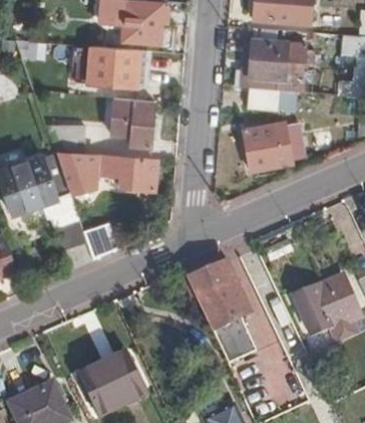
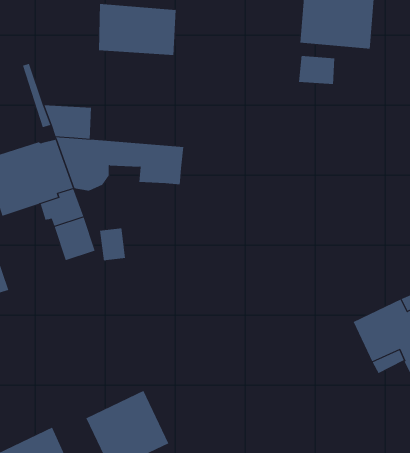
building: [111,96,153,147] -> none
building: [243,120,292,171] -> none
building: [185,252,255,360] -> none

